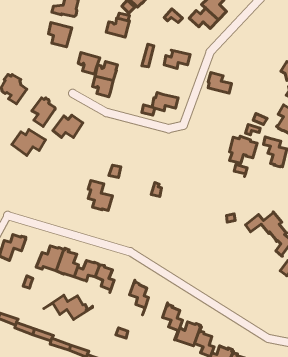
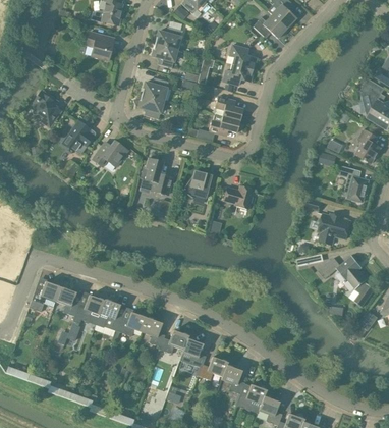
building: none -> [228,45,256,69]
building: [78,53,100,74] -> [151,43,176,68]
building: [208,72,232,93] -> [214,96,241,120]
building: [12,129,46,156] -> none
building: [230,136,257,163] -> [318,213,350,245]
building: none -> [180,170,213,198]
building: none -> [222,185,253,209]
building: [88,180,113,211] -> [144,158,172,194]
building: none -> [54,285,78,320]
building: none -> [158,330,187,354]
building: [44,295,93,319] -> none
building: none -> [197,356,226,380]

